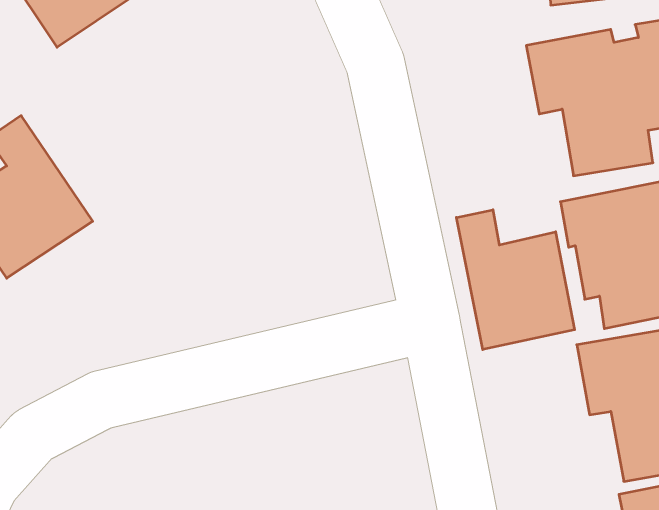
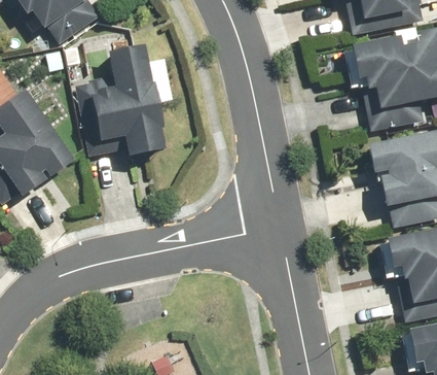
building: none -> [81,45,177,154]
building: [456,210,575,350] -> none

